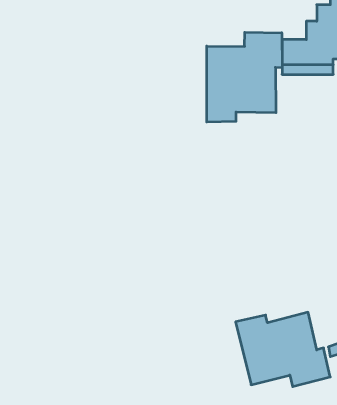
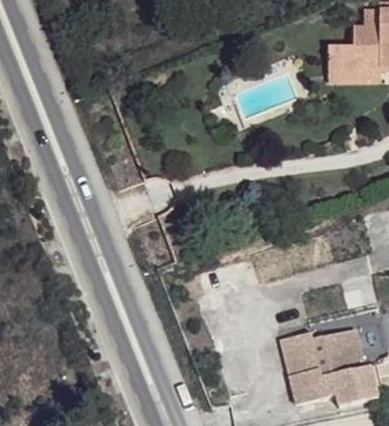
building: [207,32,282,122] -> none

